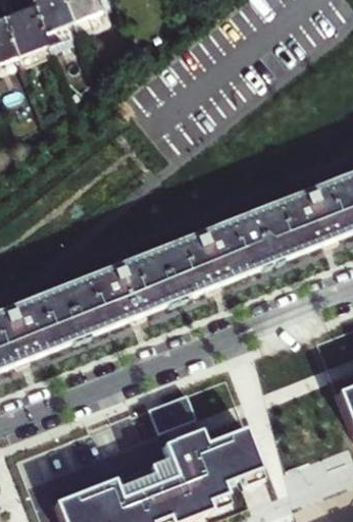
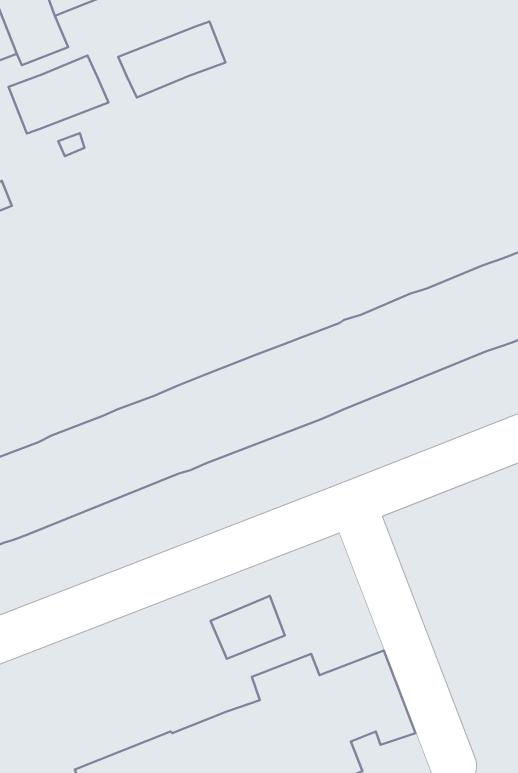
building: none -> [118,21,226,97]
building: none -> [9,56,108,133]

